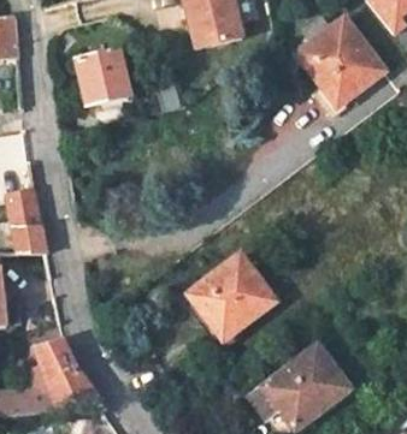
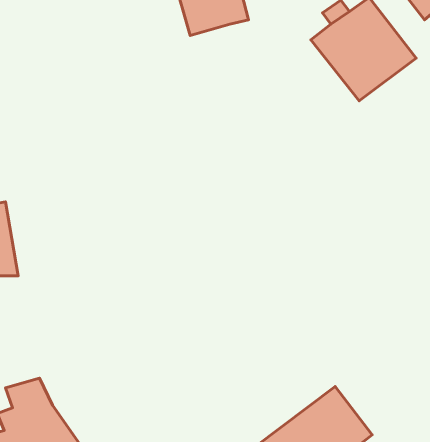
building: [76,52,131,112] -> none
building: [187,255,277,337] -> none

